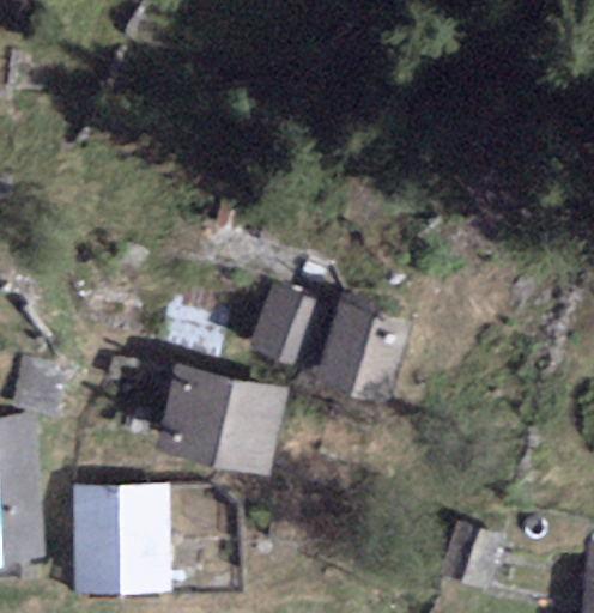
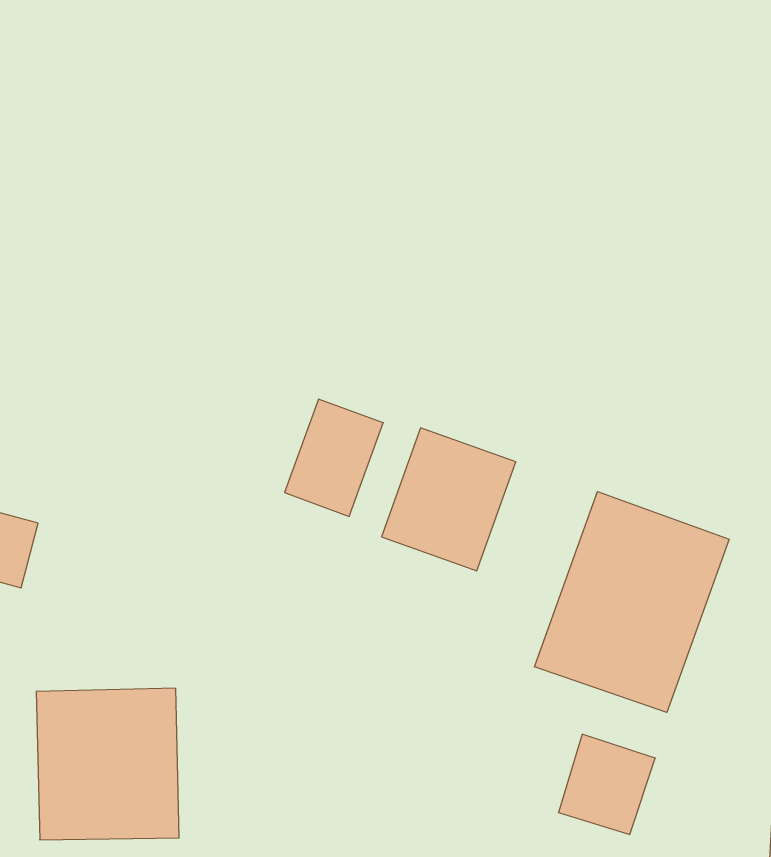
building: none -> [535,492,729,712]
building: [159,366,286,473] -> none

